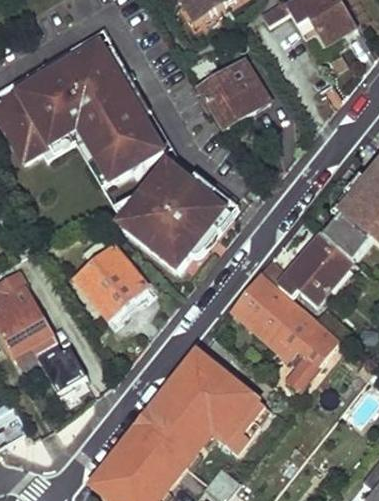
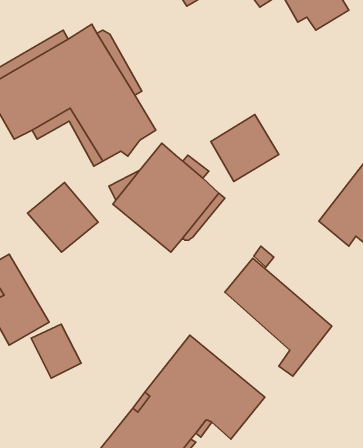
building: [199,57,267,124] -> [211,115,279,182]
building: [279,233,355,306] -> none
building: [74,244,145,314] -> [27,182,98,252]

